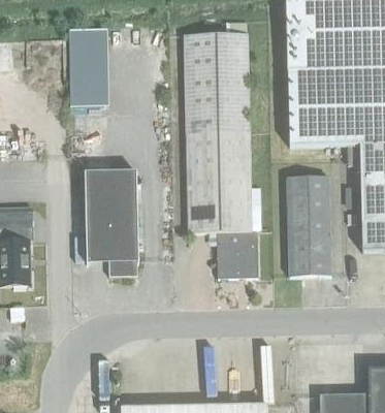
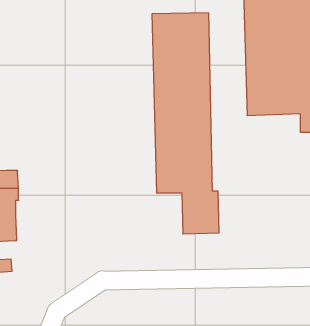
building: [78,26,114,99] -> none
building: [83,169,137,275] -> none
building: [286,174,330,276] -> none

